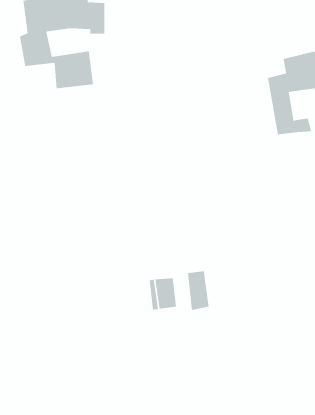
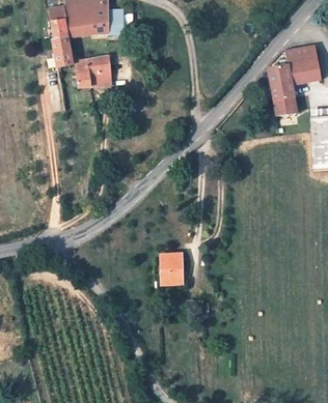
building: [187,270,209,311] -> none

